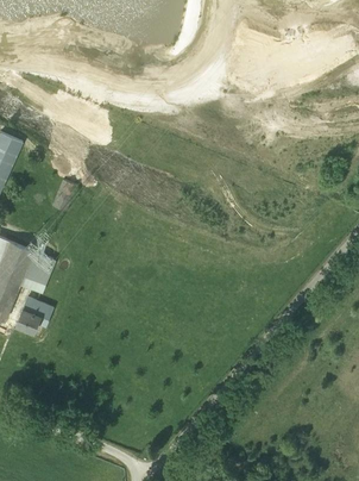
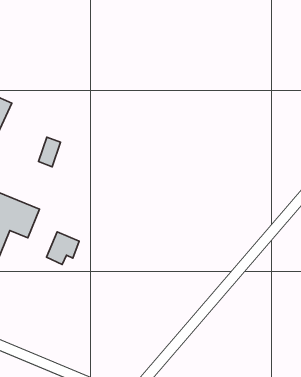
building: [15,298,52,335] -> [46,232,79,265]

